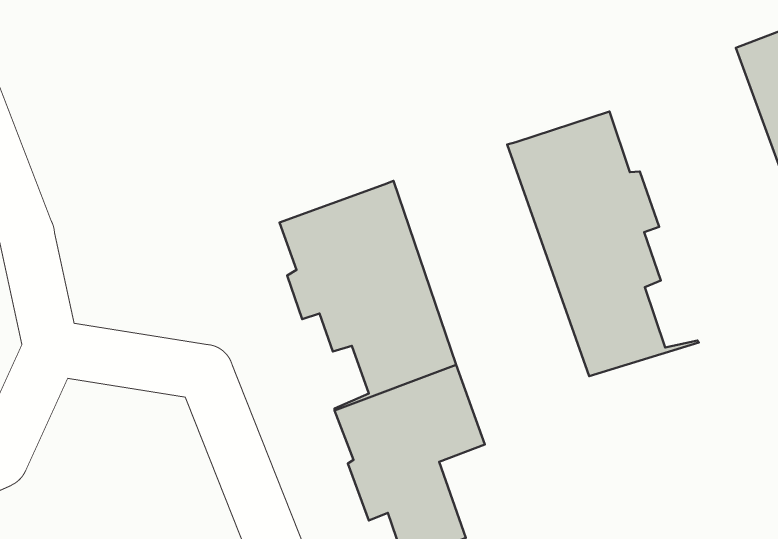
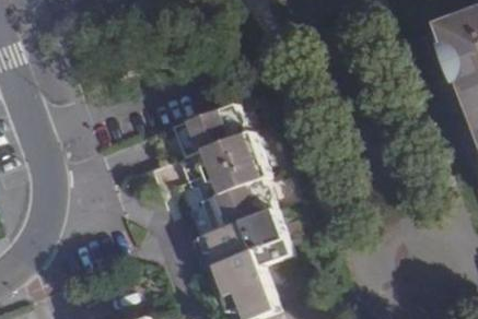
building: [507,112,699,376] -> none

